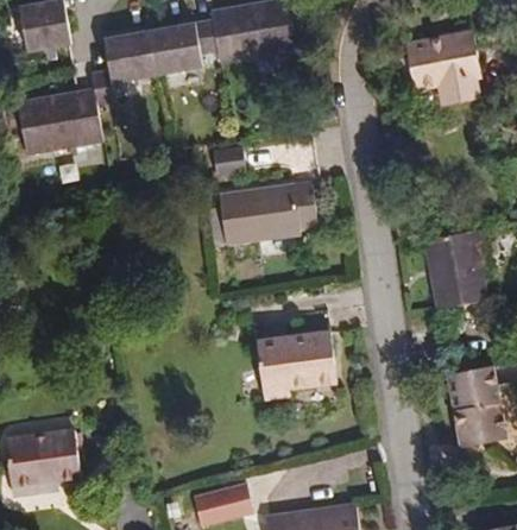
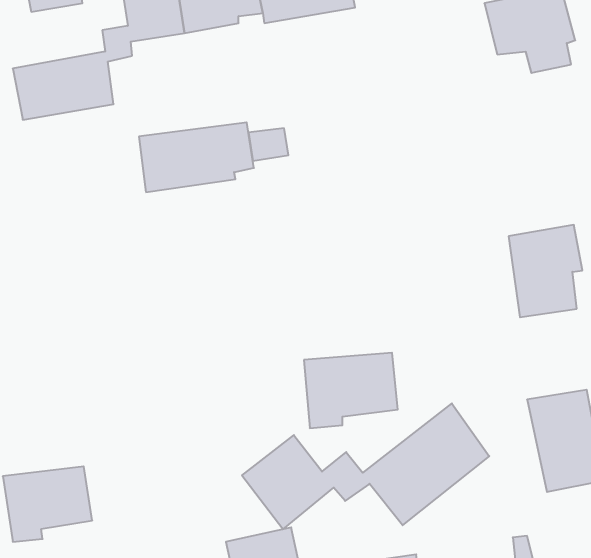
building: [220,187,316,245] -> [139,122,254,192]
building: none -> [242,403,489,529]

